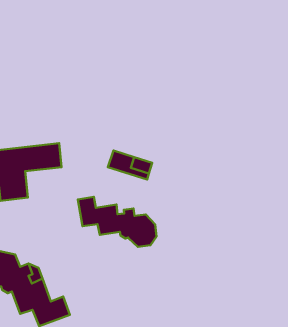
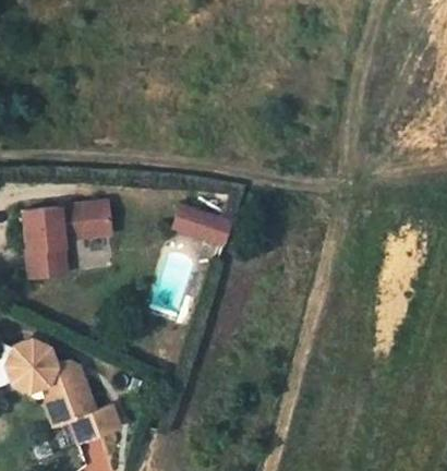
building: [78,197,157,247] -> none

